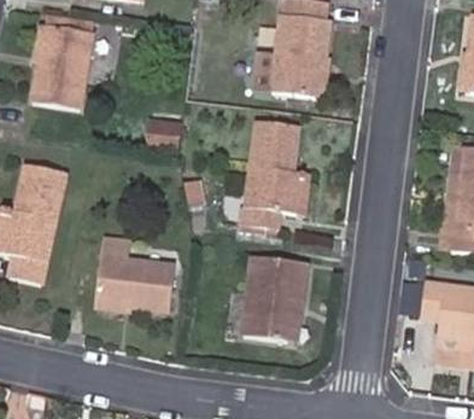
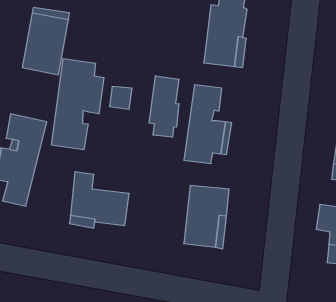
building: none -> [52,59,104,150]
building: none -> [149,76,179,137]

